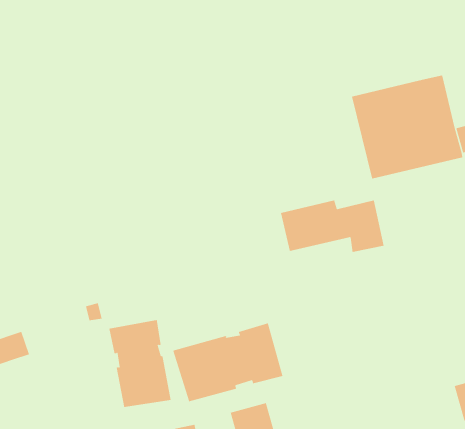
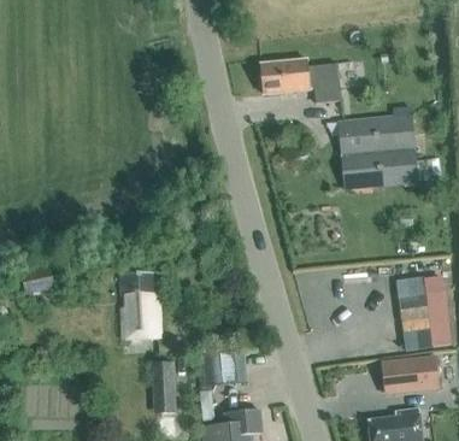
building: [280,200,385,253] -> [261,59,340,102]
building: [173,322,283,402] -> none

